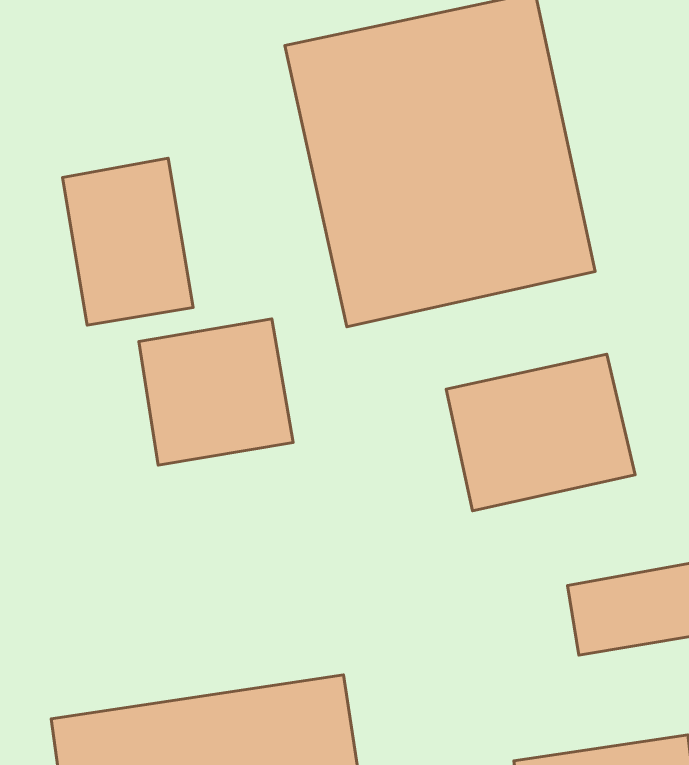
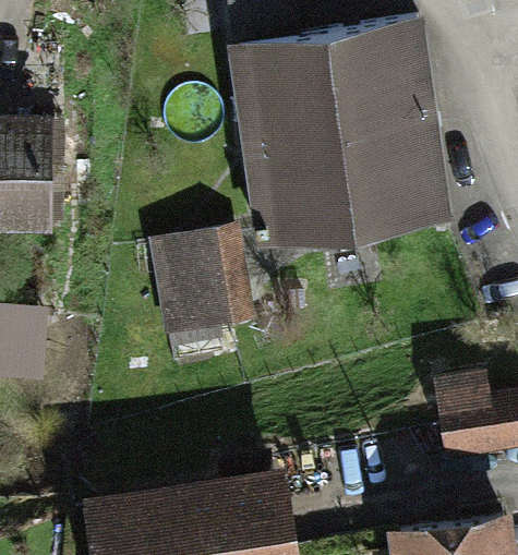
building: [62,158,193,325] -> none
building: [446,354,635,511] -> none

